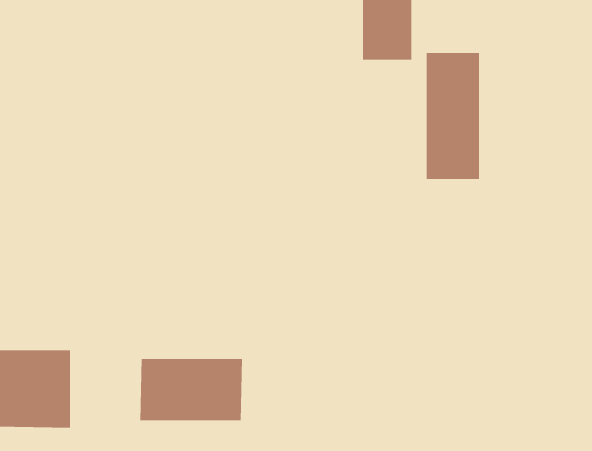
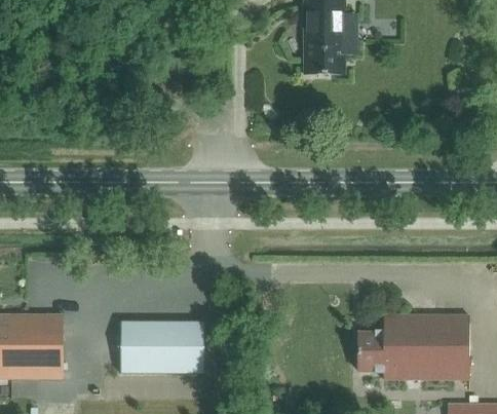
building: [426,52,479,180] -> none
building: none -> [358,314,469,378]

